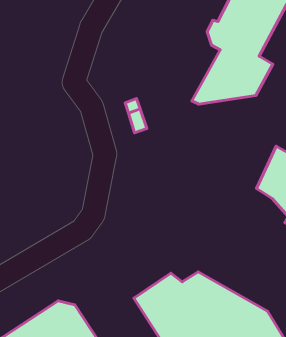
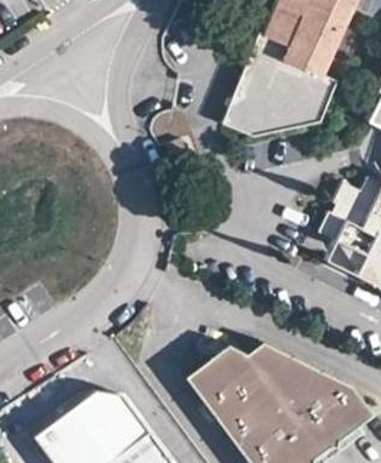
building: none -> [221,67,273,139]

